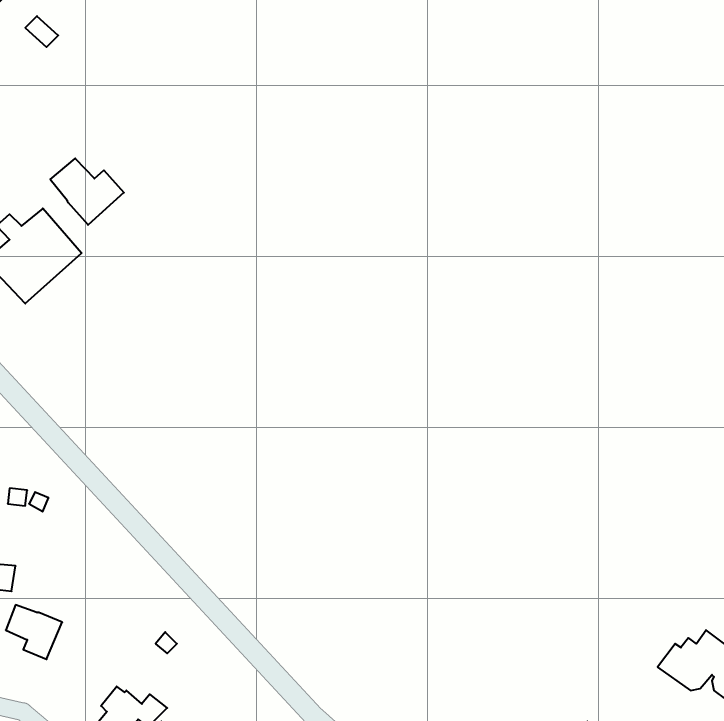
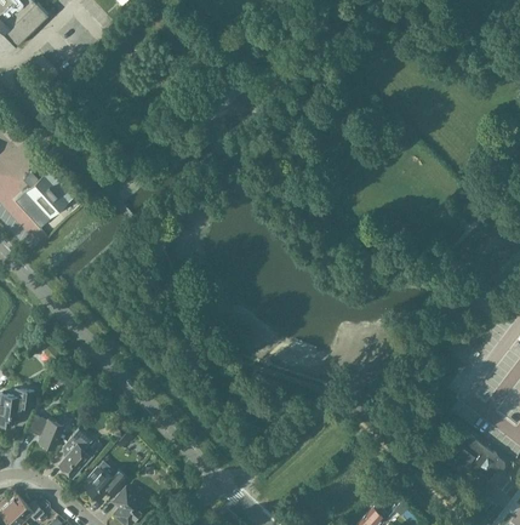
building: [50,158,124,225] -> none
building: none -> [58,429,92,478]

